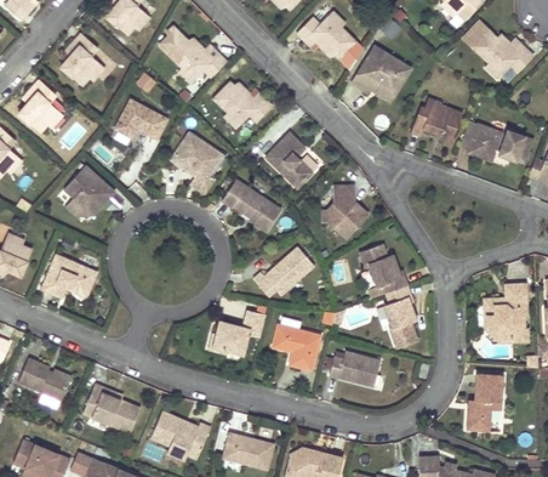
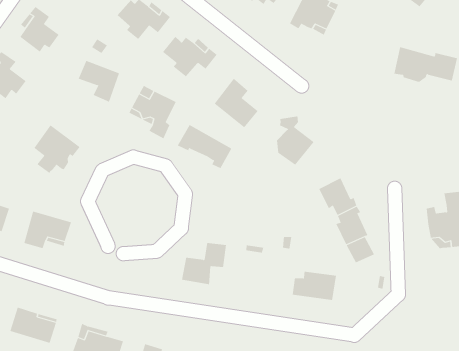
building: [410,97,463,142] -> none
building: [252,248,312,290] -> none
building: [269,324,318,370] -> none
building: [466,374,502,431] -> none

